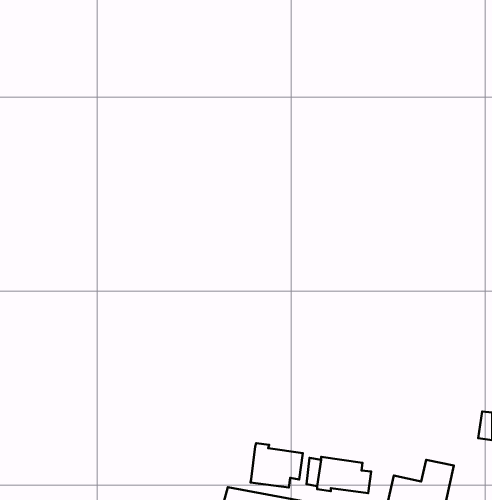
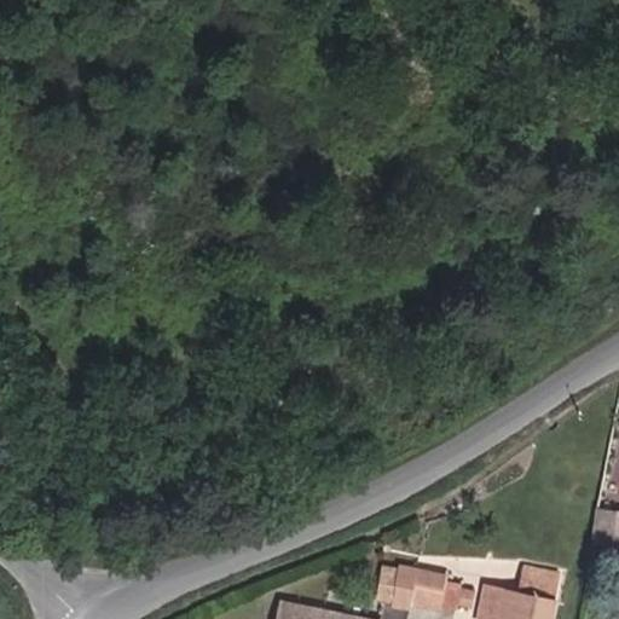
building: [250,443,303,487] -> none

